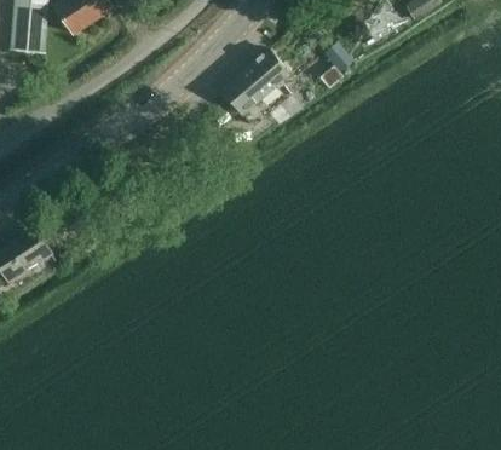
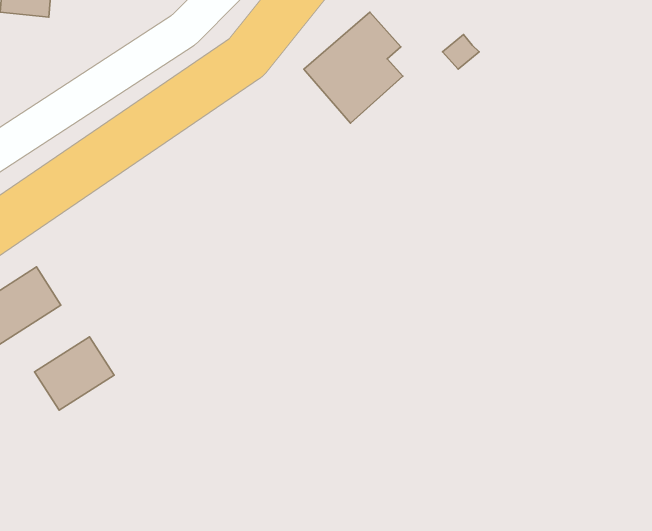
building: none -> [35,337,114,410]

